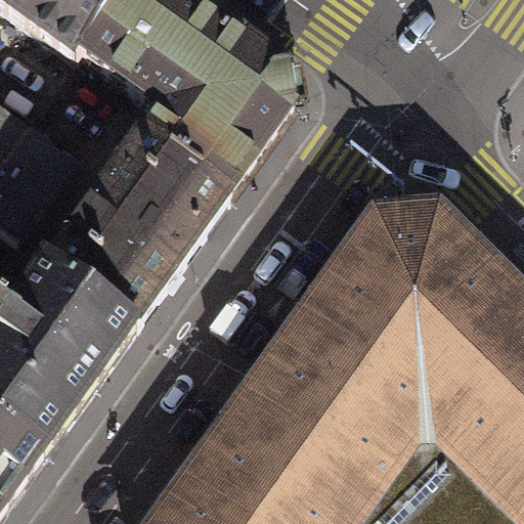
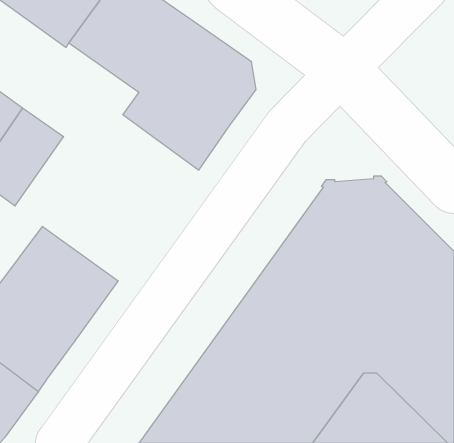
building: [48,131,227,321] -> none

